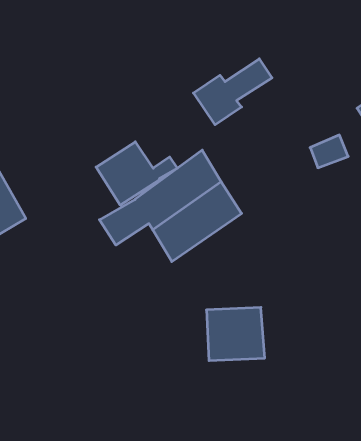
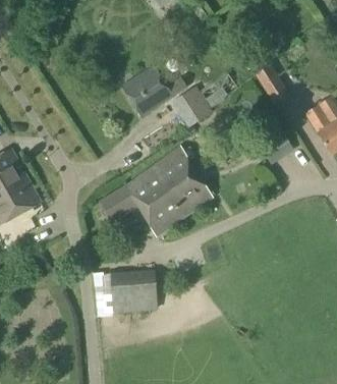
building: none -> [254,63,289,105]
building: [96,142,177,205] -> [121,65,186,116]
building: [206,307,265,361] -> [110,269,157,312]

